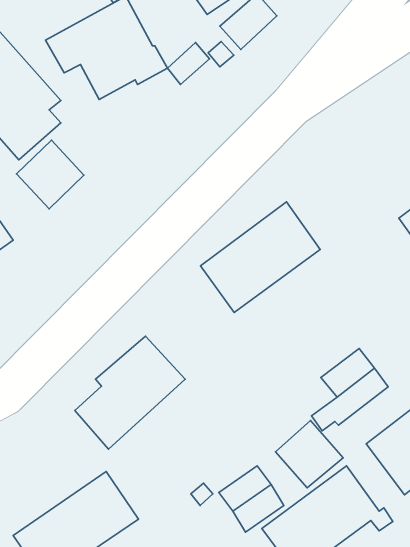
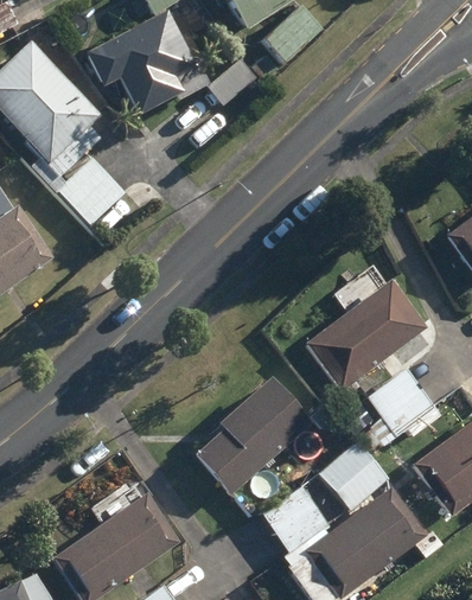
building: [201,202,320,312] -> [306,279,428,391]
building: [75,336,185,449] -> [199,378,312,493]

